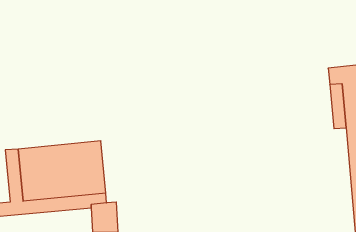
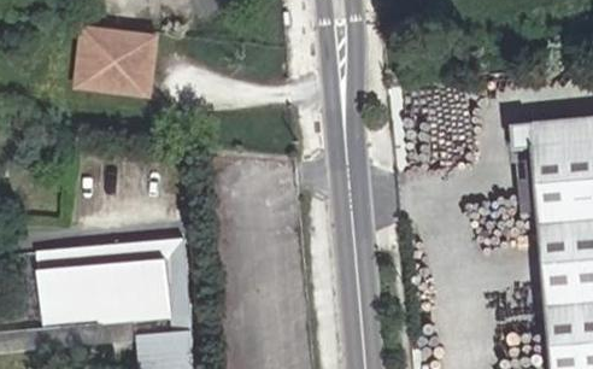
building: none -> [82,30,160,98]

